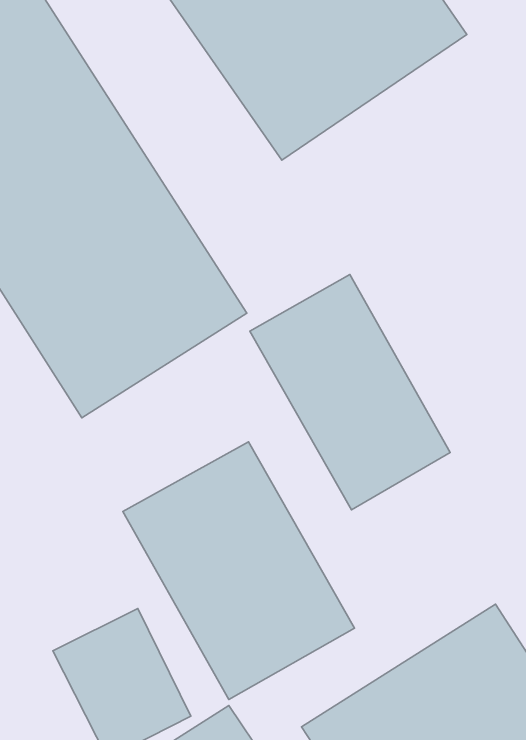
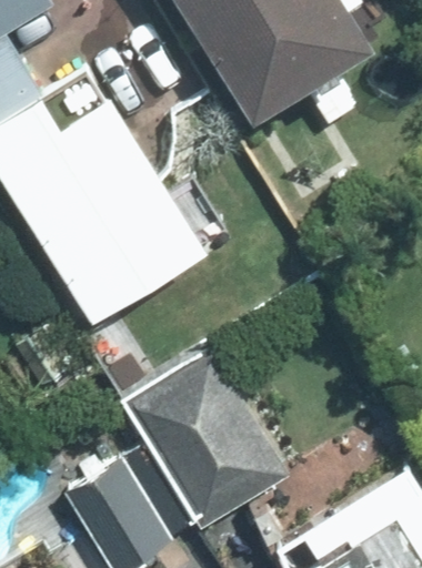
building: [250,275,450,510] -> none

